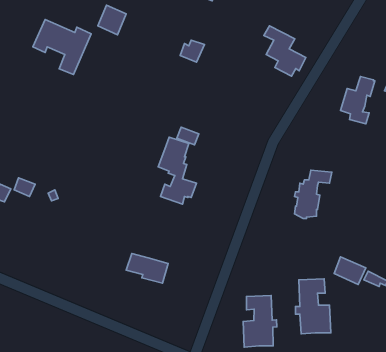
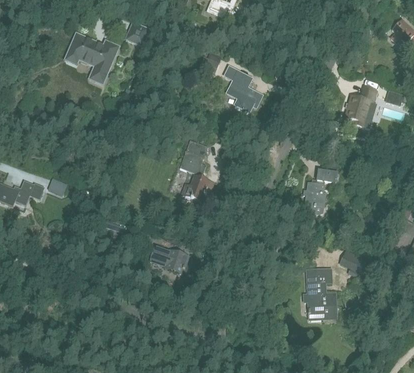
building: [264,26,306,76] -> [224,66,262,112]
building: [243,296,277,347] -> none

